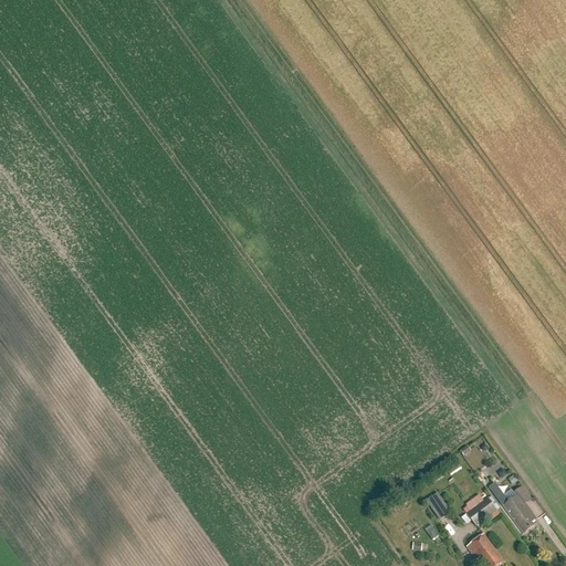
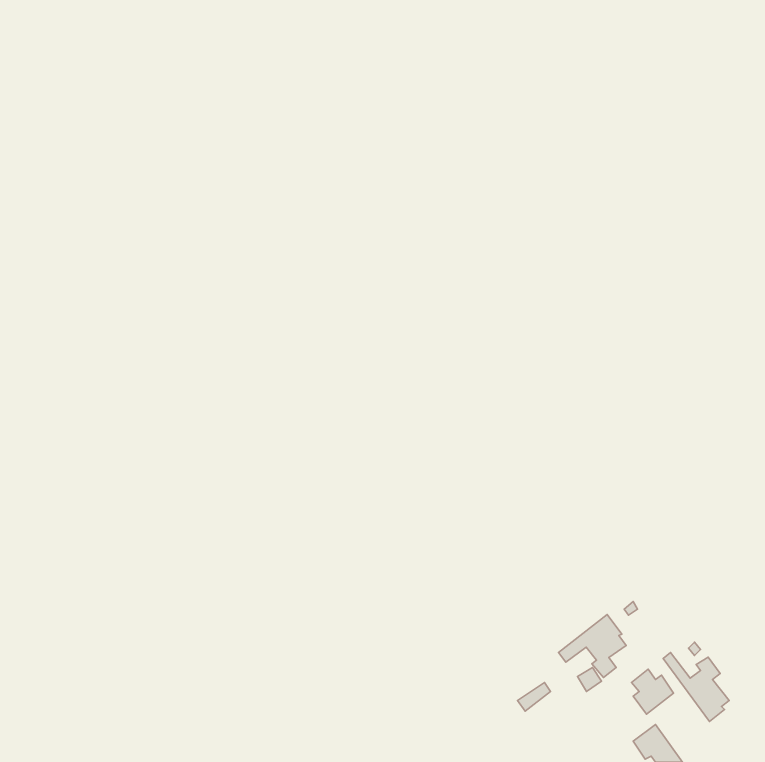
building: none -> [558,614,626,677]

